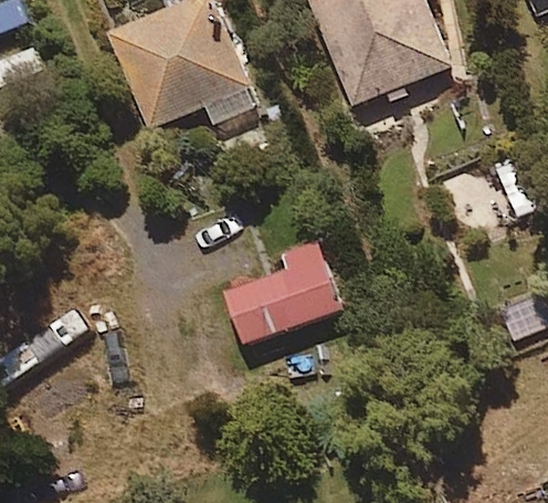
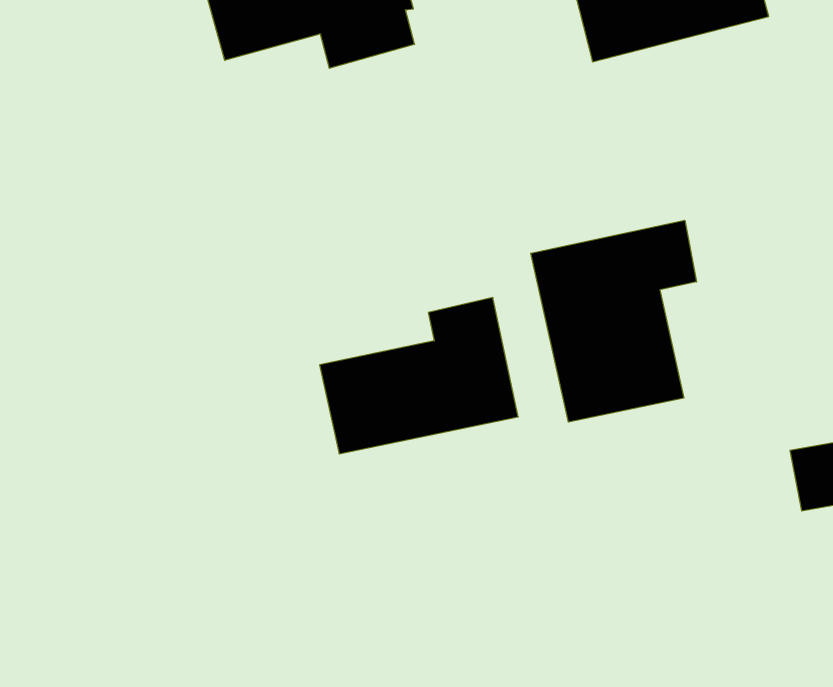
building: none -> [531,220,696,422]

